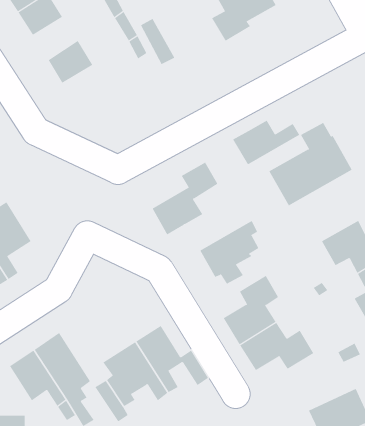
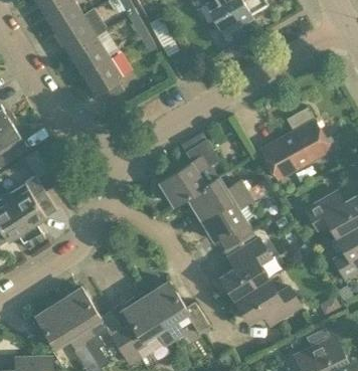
building: none -> [57,16,97,53]
building: none -> [82,57,125,103]
building: [232,120,300,165] -> [188,178,246,217]

